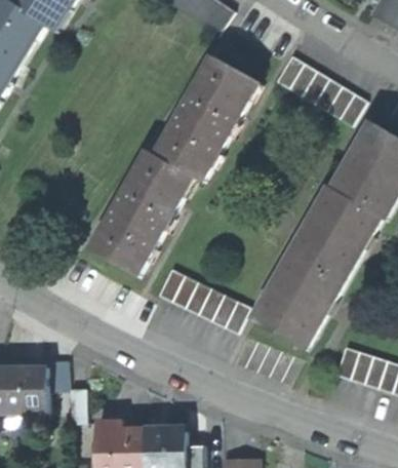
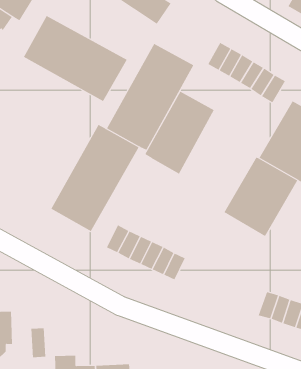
building: none -> [23,15,127,102]
building: none -> [144,91,215,174]
building: [253,251,341,347] -> none

